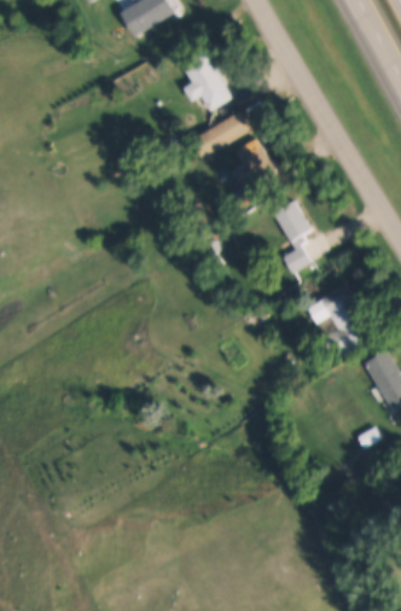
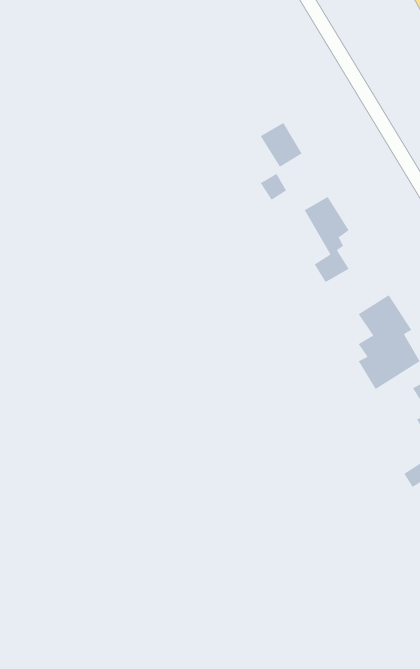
building: [182,52,233,110] -> none
building: [191,109,251,158] -> none

